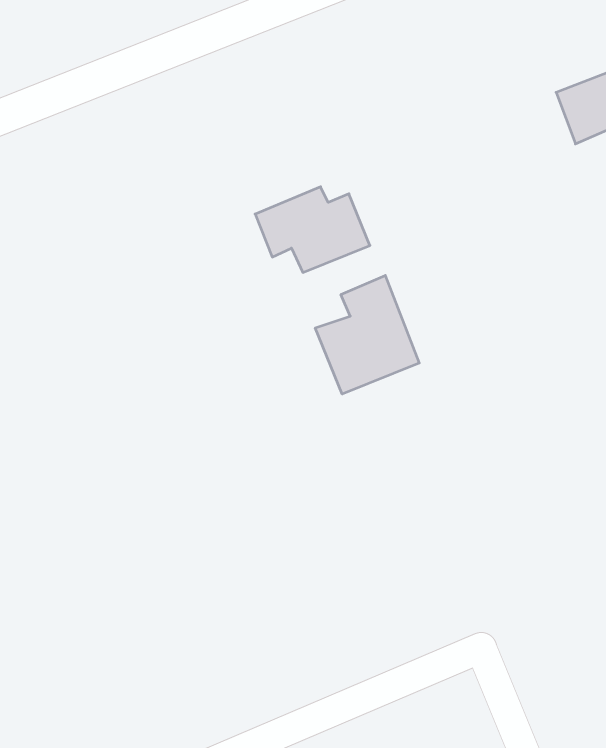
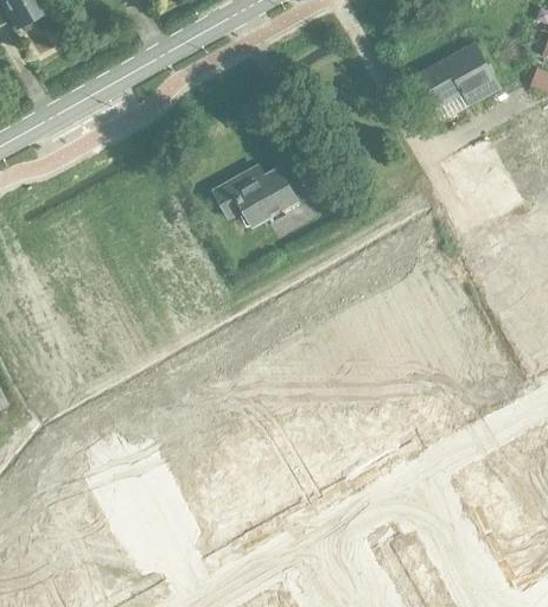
building: [315,275,419,394] -> none

